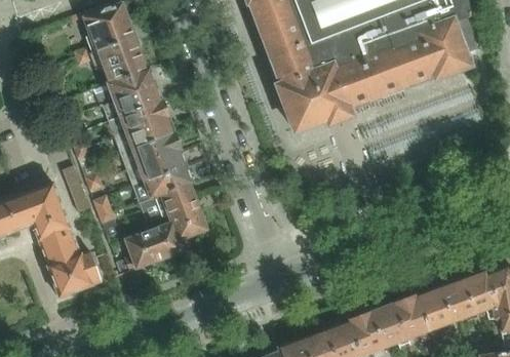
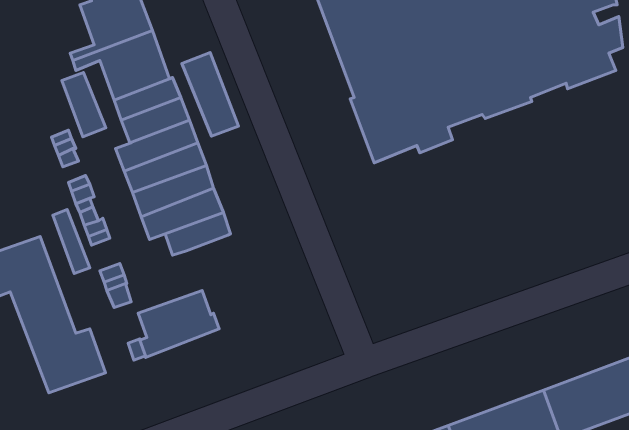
building: none -> [182,52,239,136]
building: none -> [62,73,106,137]
building: [158,184,205,241] -> none

